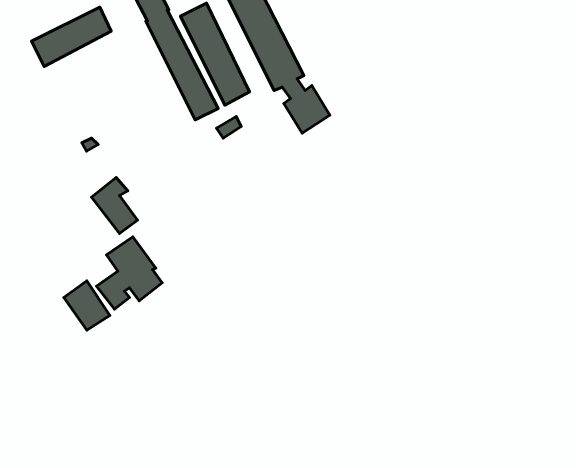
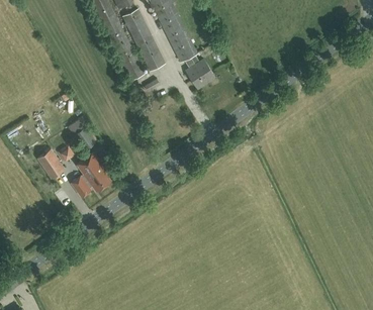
building: [32,7,111,66] -> none
building: [64,281,110,330] -> [36,149,65,180]

